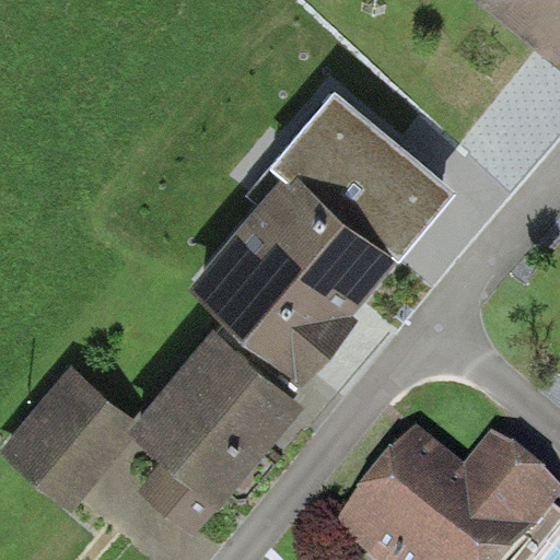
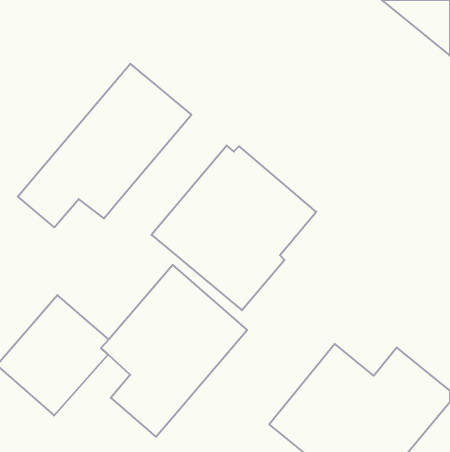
building: none -> [18,64,191,227]
building: [266,93,456,267] -> none

